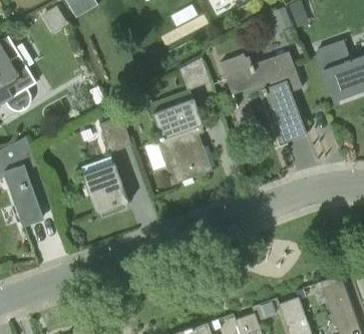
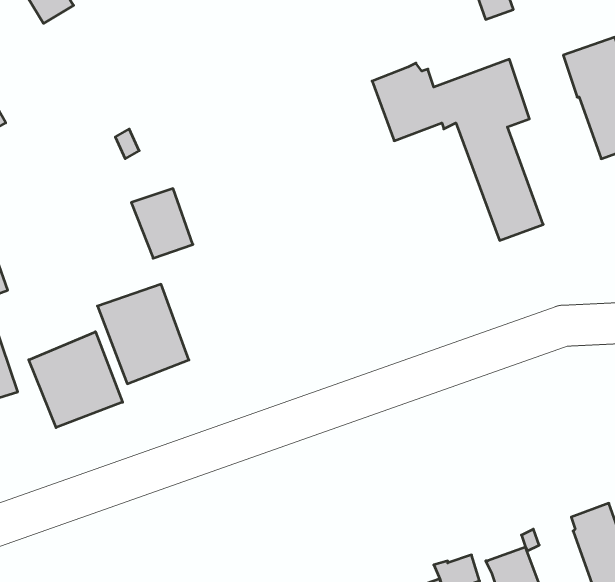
building: [145,59,212,186] -> none
building: none -> [29,332,123,428]

